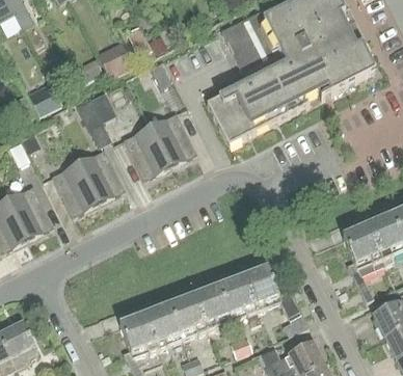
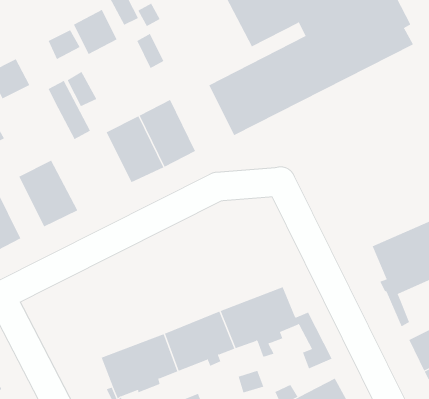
building: [78,149,125,204] -> none

